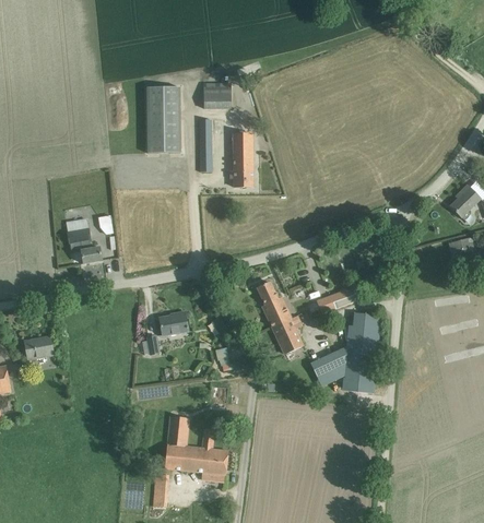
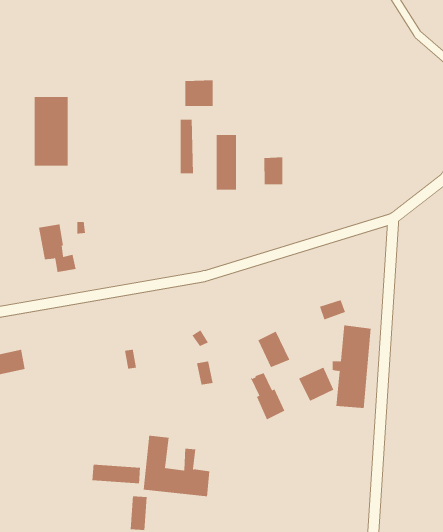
building: [146,86,179,152] -> [34,97,69,166]
building: none -> [264,156,283,185]
building: [257,282,290,326] -> [250,372,285,420]
building: [158,311,188,334] -> none
building: none -> [92,464,141,484]

